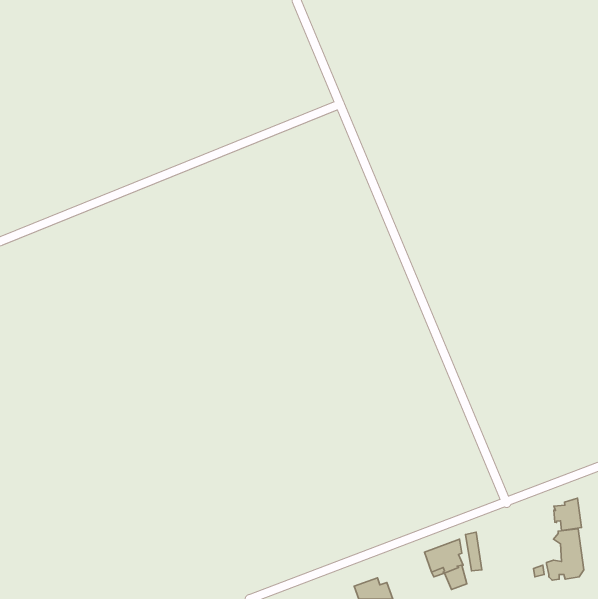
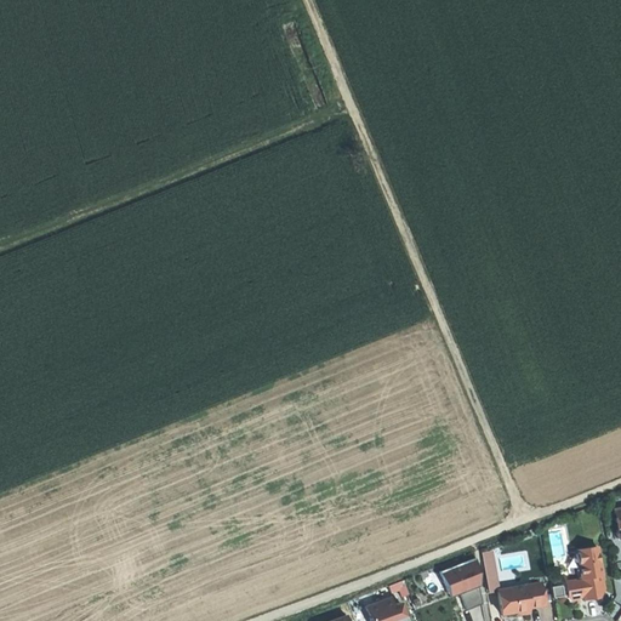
building: [554,498,582,531] -> none
building: none -> [498,583,546,614]

